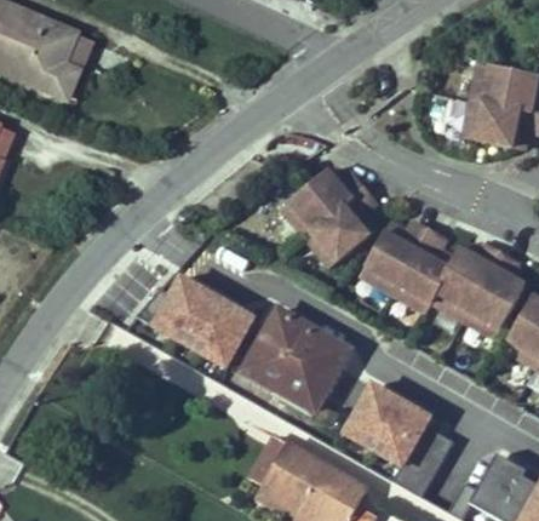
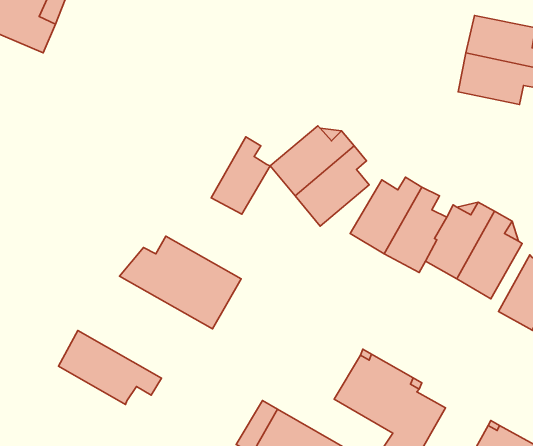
building: none -> [211,137,270,214]
building: [245,308,349,408] -> none
building: none -> [59,330,161,405]

